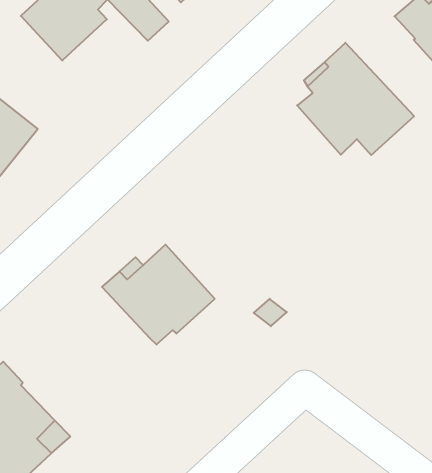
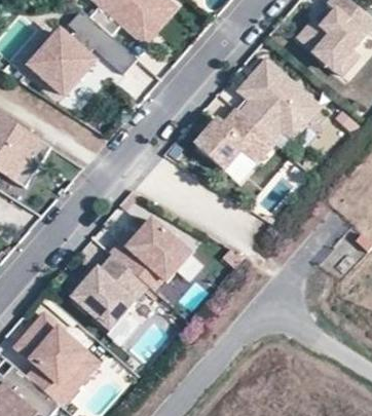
building: none -> [192,109,271,171]
building: none -> [69,253,146,330]

